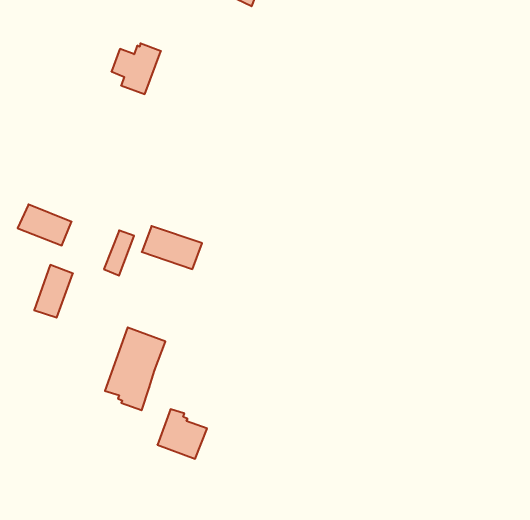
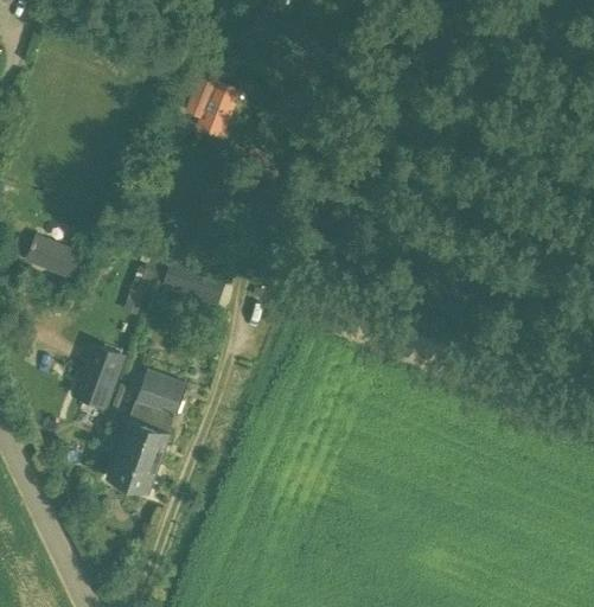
building: [111,43,161,94] -> [185,81,239,136]
building: [34,265,73,318] -> [79,347,122,405]
building: [157,409,207,459] -> [106,440,160,494]

